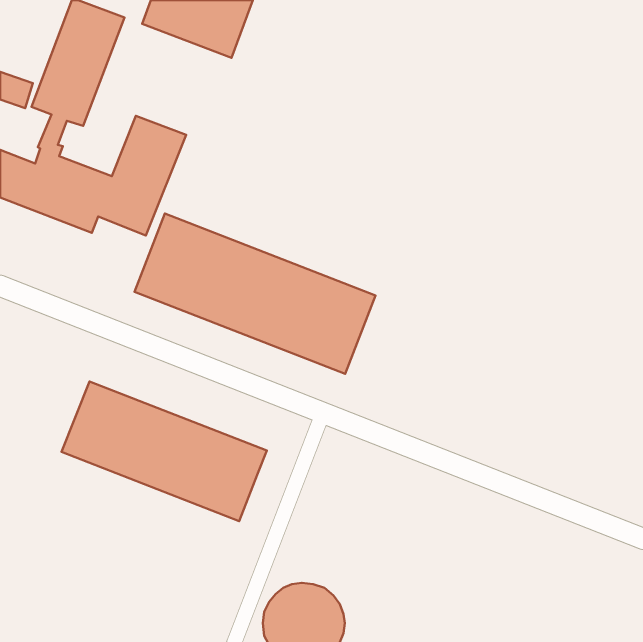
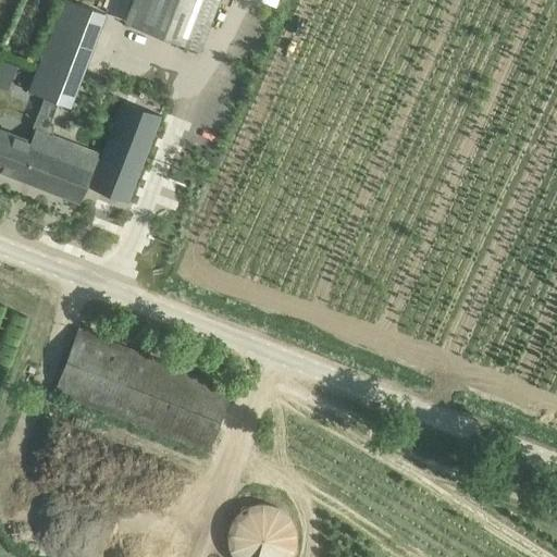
building: [135,213,375,374] -> none

